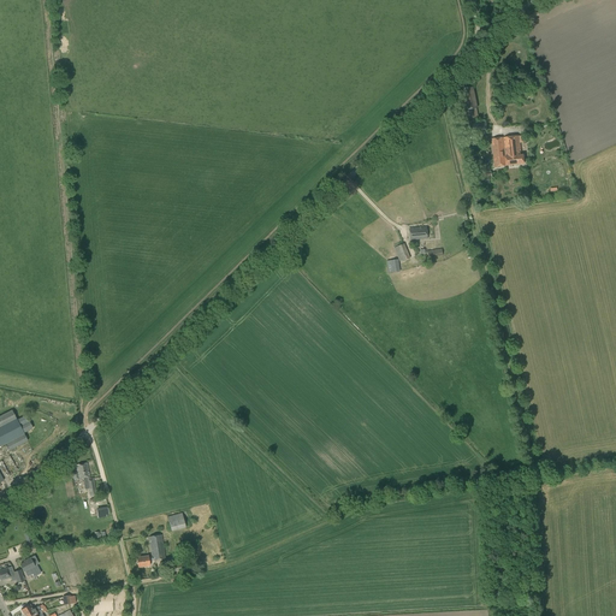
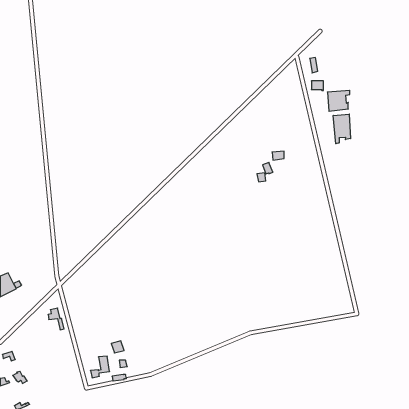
building: none -> [333,114,351,144]

